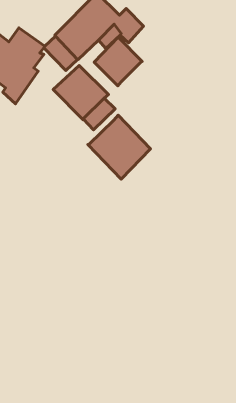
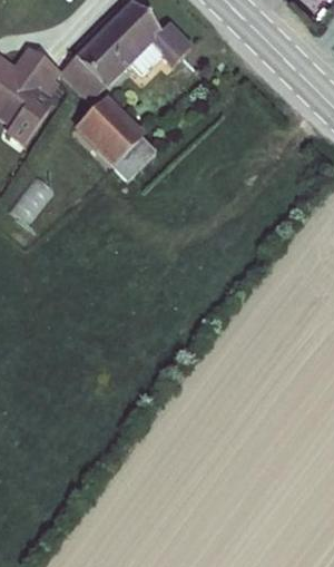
building: [94,37,142,86] -> none
building: [88,115,151,179] -> none

